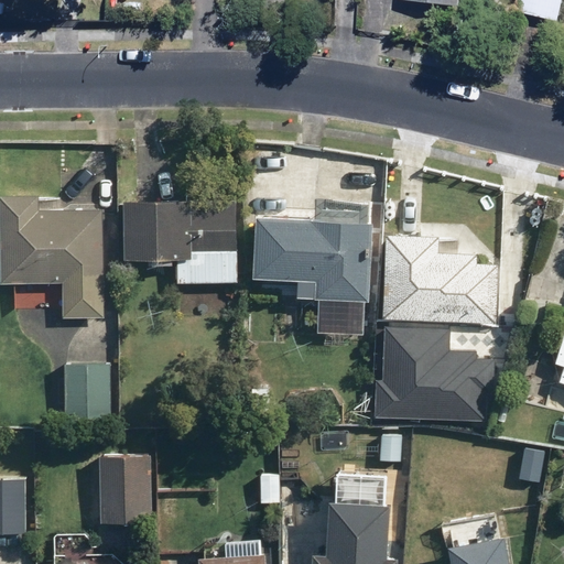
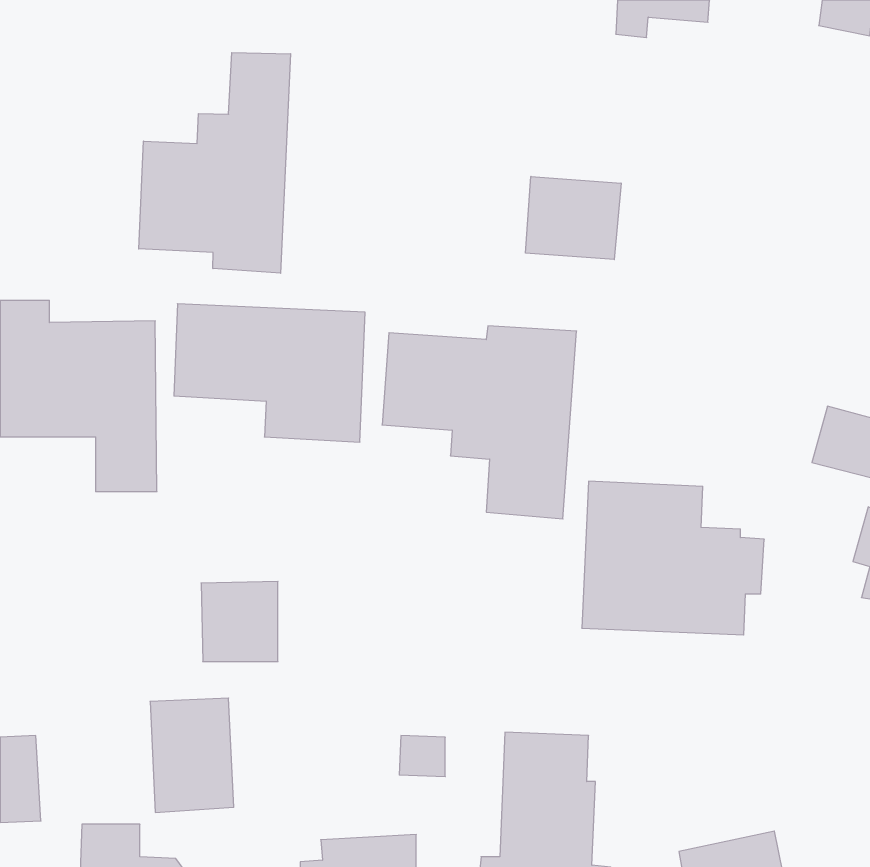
building: none -> [139,53,291,273]
building: none -> [526,176,621,260]
building: [382,230,499,314] -> none
building: [62,367,111,419] -> [201,581,278,662]

